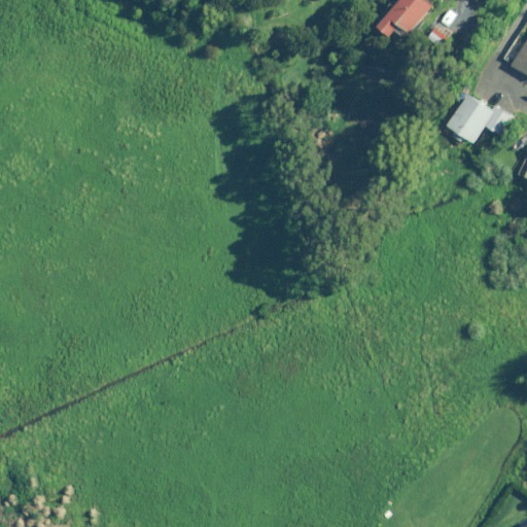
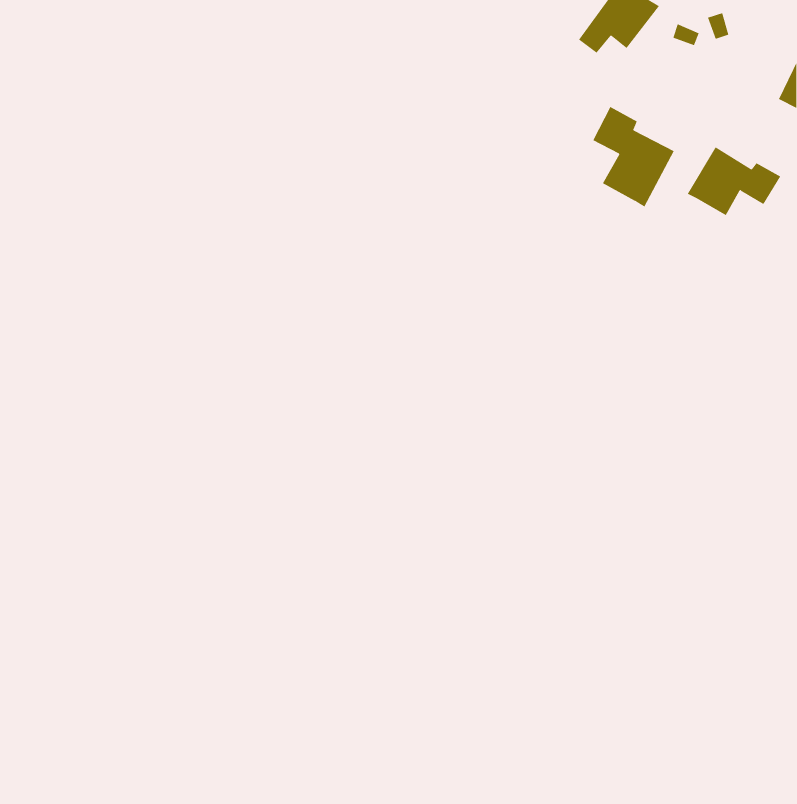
building: none -> [592,106,675,208]

